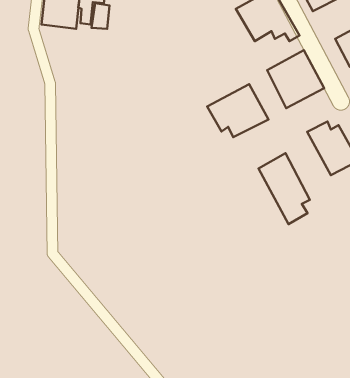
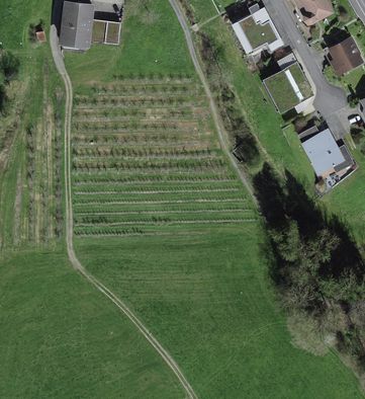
building: [207,84,269,137] -> none
building: [259,153,310,224] -> none

